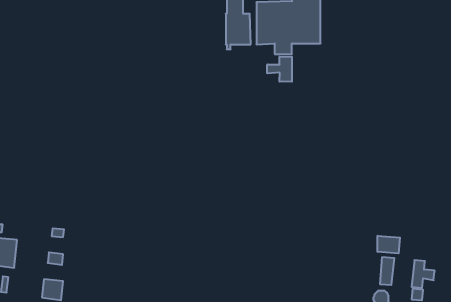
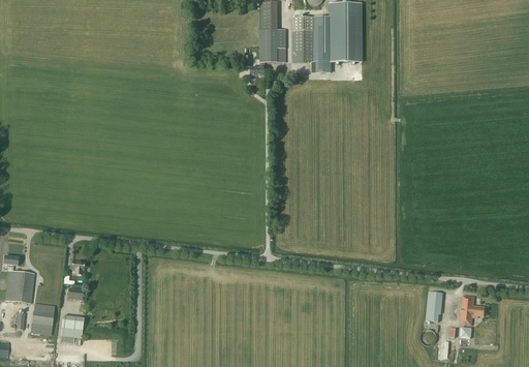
building: [267,57,292,82] -> none
building: [378,236,400,253] -> none
building: none -> [30,303,55,334]

